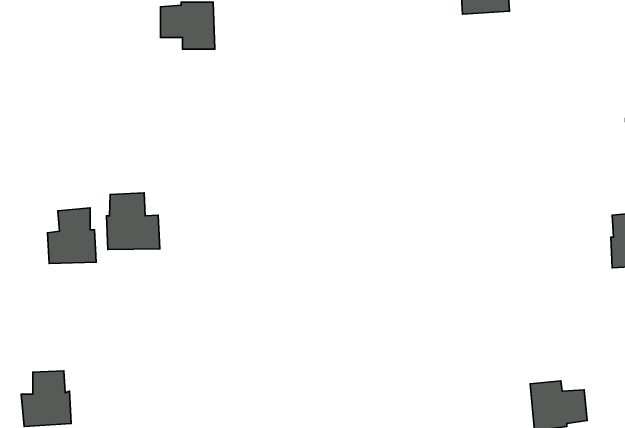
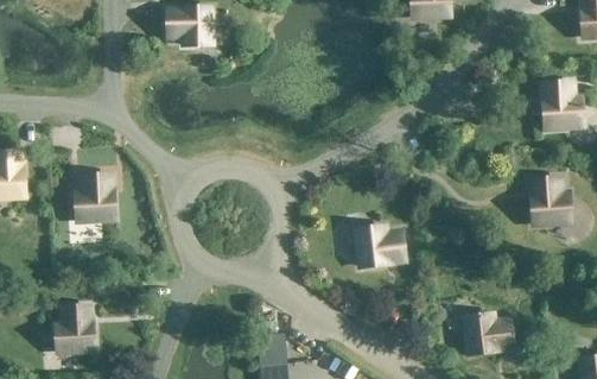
building: [106,193,160,250] -> none
building: none -> [356,226,404,266]

